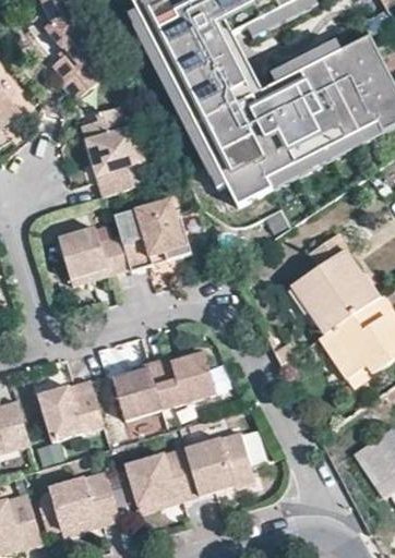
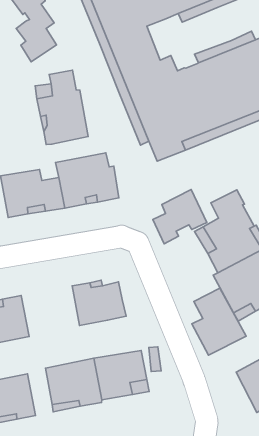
building: [208,33,260,94] -> none
building: none -> [153,190,207,244]
building: none -> [192,288,246,355]
building: [110,357,161,420] -> none

